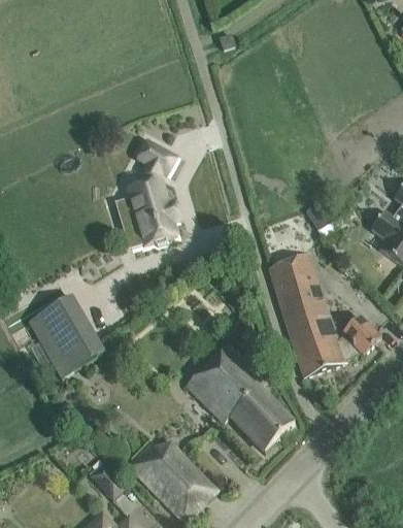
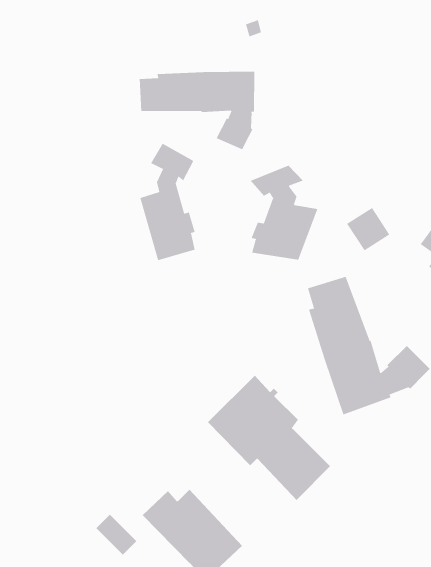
building: none -> [139,71,255,150]
building: none -> [250,165,318,261]
building: [28,294,104,376] -> none

